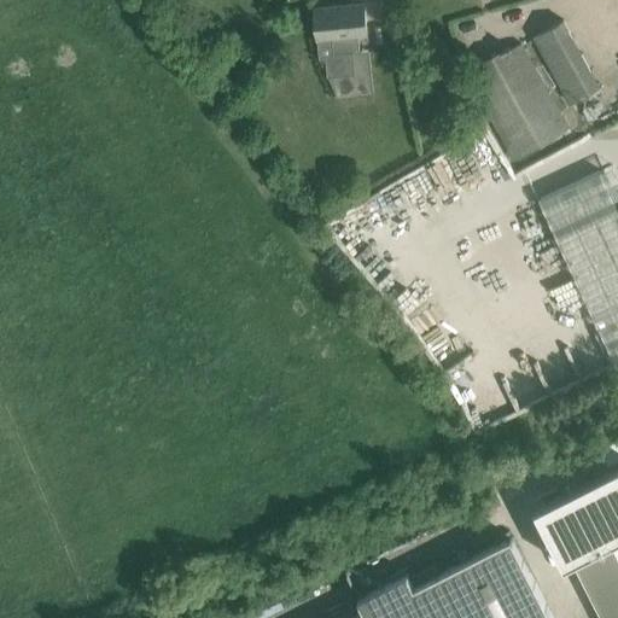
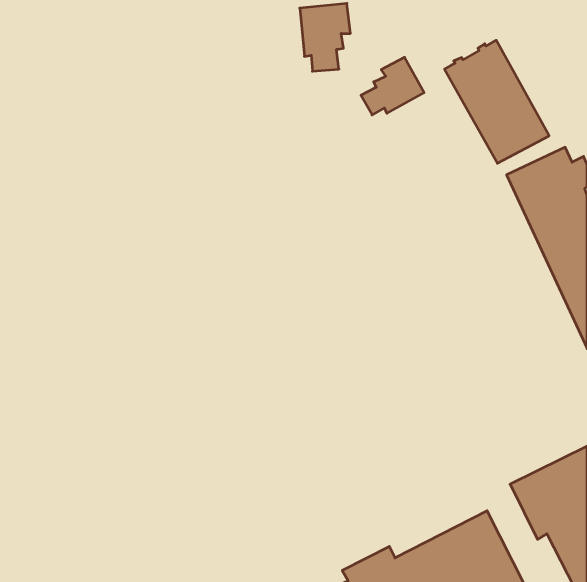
building: [526,25,601,110] -> none
building: none -> [361,57,424,115]

